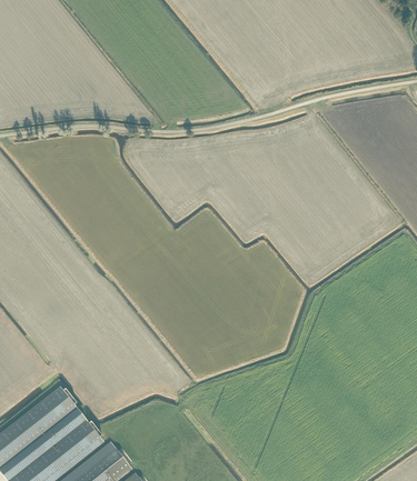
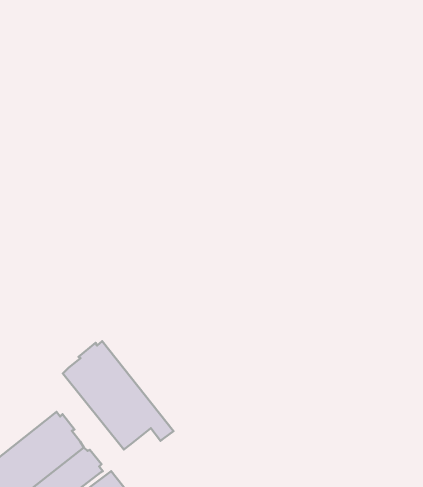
building: none -> [63,341,173,450]

